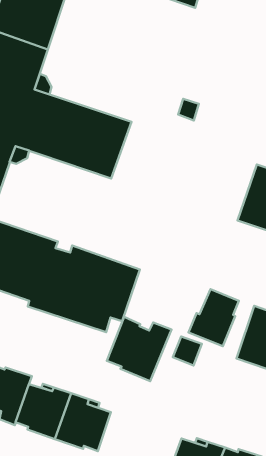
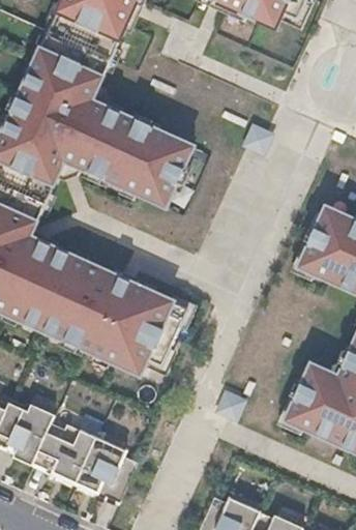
building: [188,289,239,346] -> none
building: [107,317,171,381] -> none

